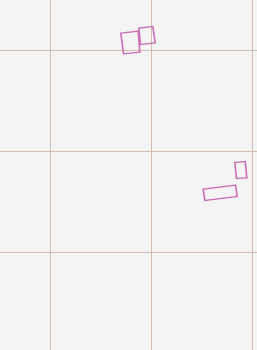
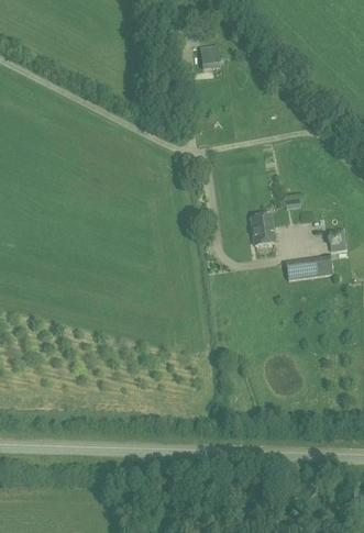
building: [121,31,140,54] -> none
building: none -> [250,214,274,245]

